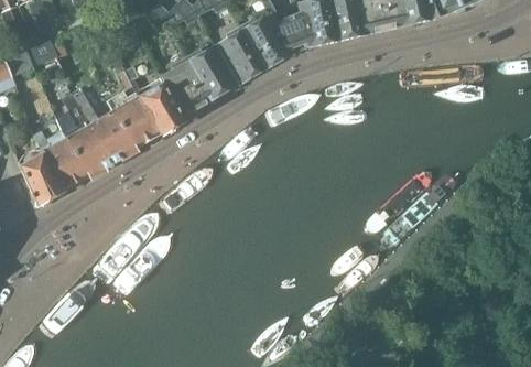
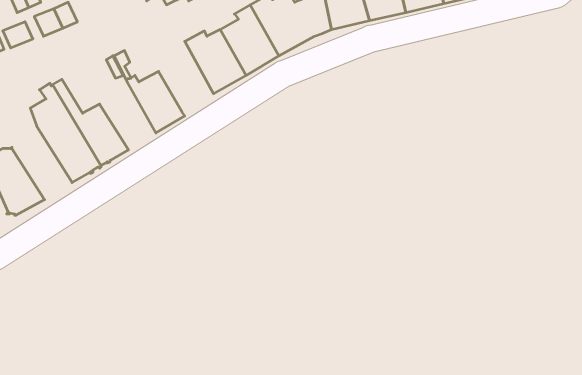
building: [161,57,208,116] -> none
building: [107,90,160,149] -> none
building: [33,129,89,190] -> none

